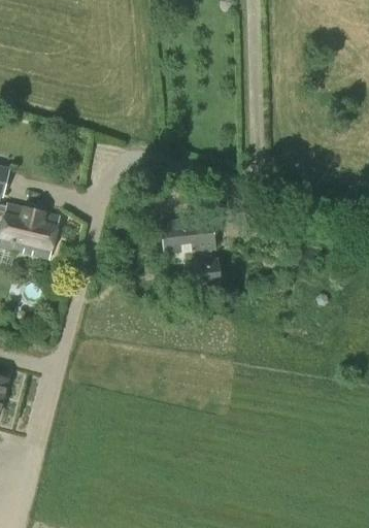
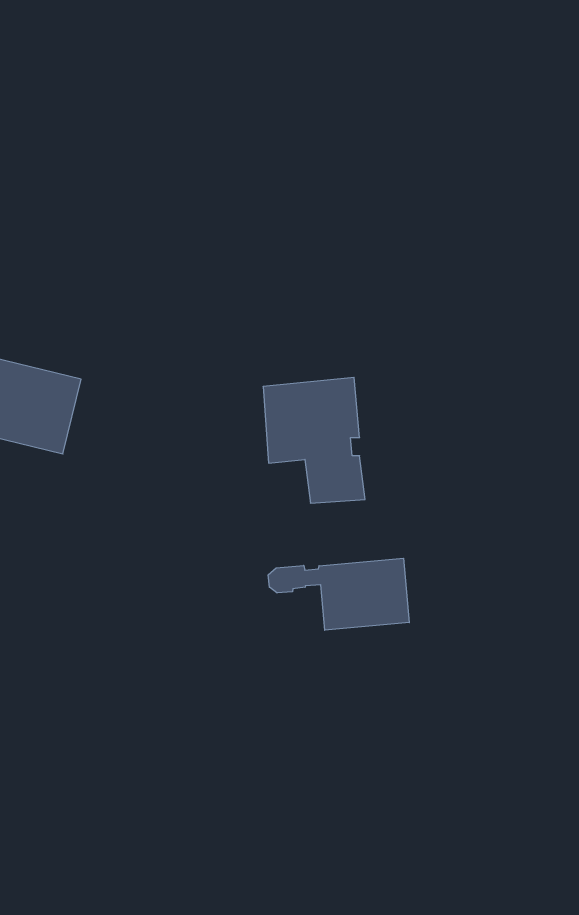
building: none -> [268,558,409,630]

